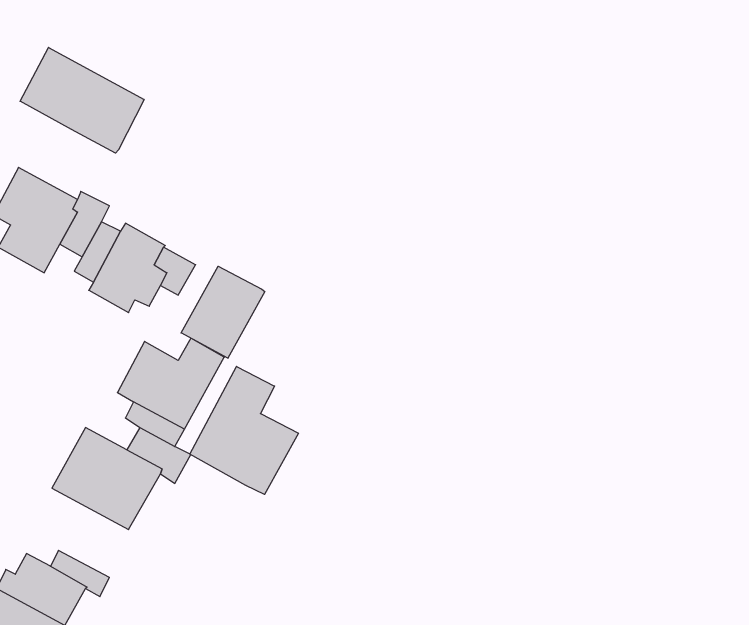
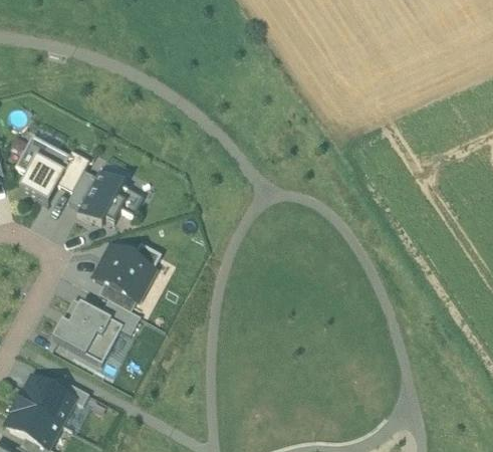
building: [20,47,144,153] -> none
building: [181,266,265,358] -> none
building: [190,366,298,494] -> none

